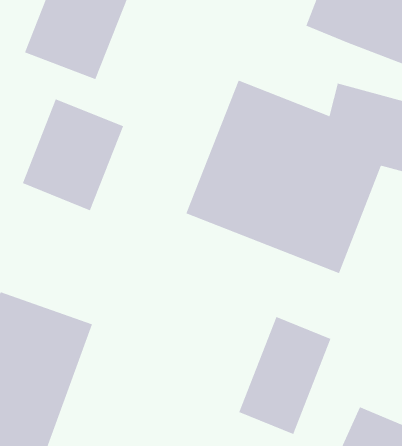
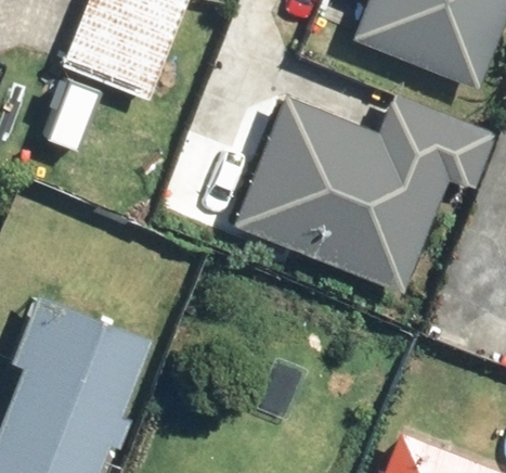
building: [22,98,124,211] -> none
building: [238,316,331,435] -> none

